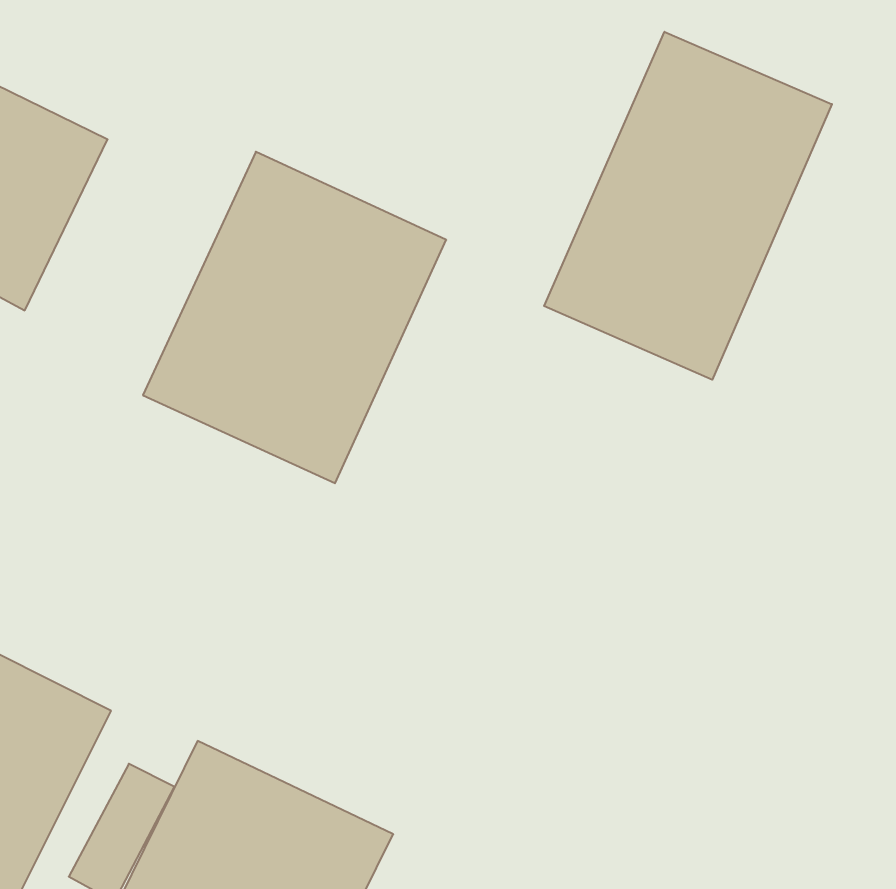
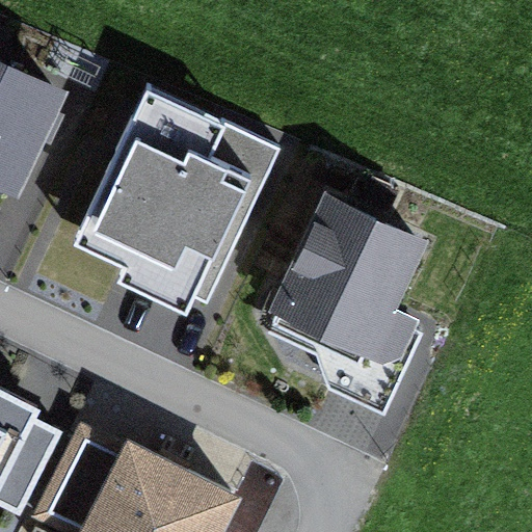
building: [544,32,832,380] -> none
building: none -> [271,195,437,370]

